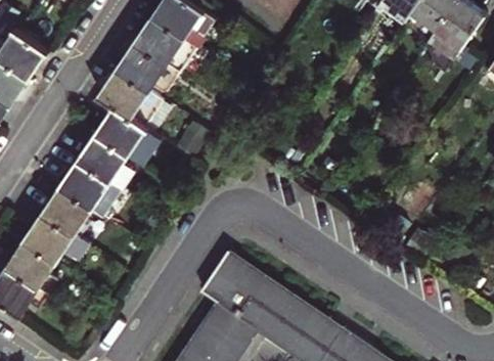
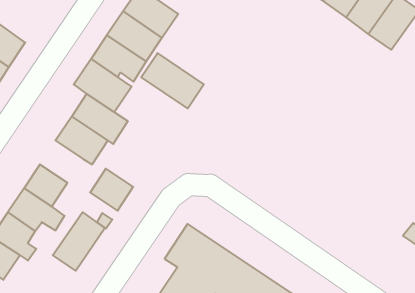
building: none -> [141,53,204,108]
building: [60,161,108,208] -> [90,169,133,211]
building: none -> [53,212,105,271]

